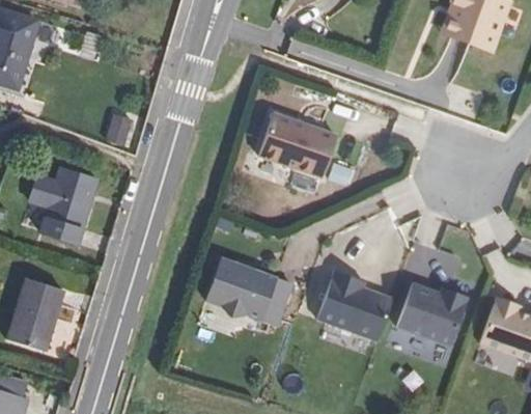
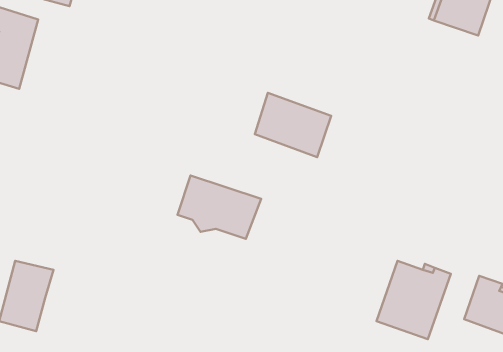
building: [35,176,104,250] -> none
building: [202,257,288,323] -> [177,176,261,239]
building: [315,268,390,338] -> none

